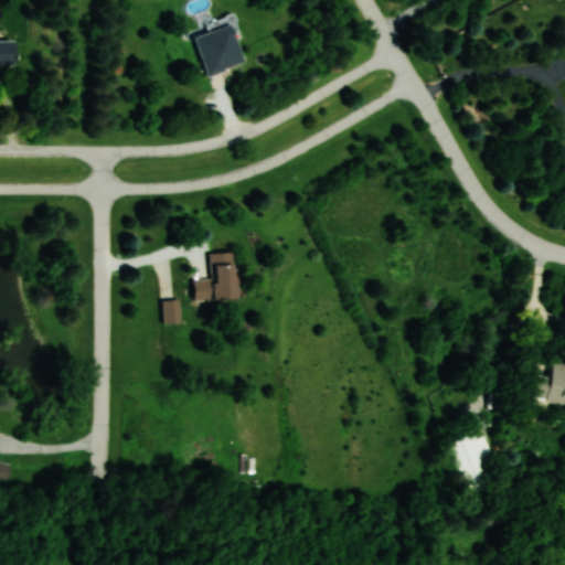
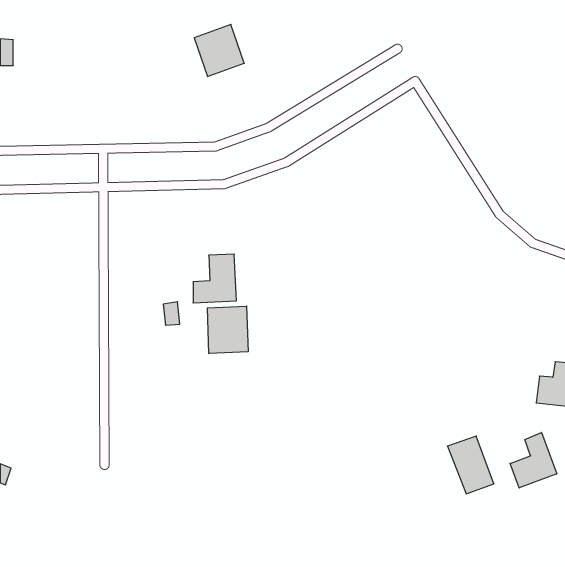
building: none -> [207,306,248,354]
building: none -> [510,432,557,488]

